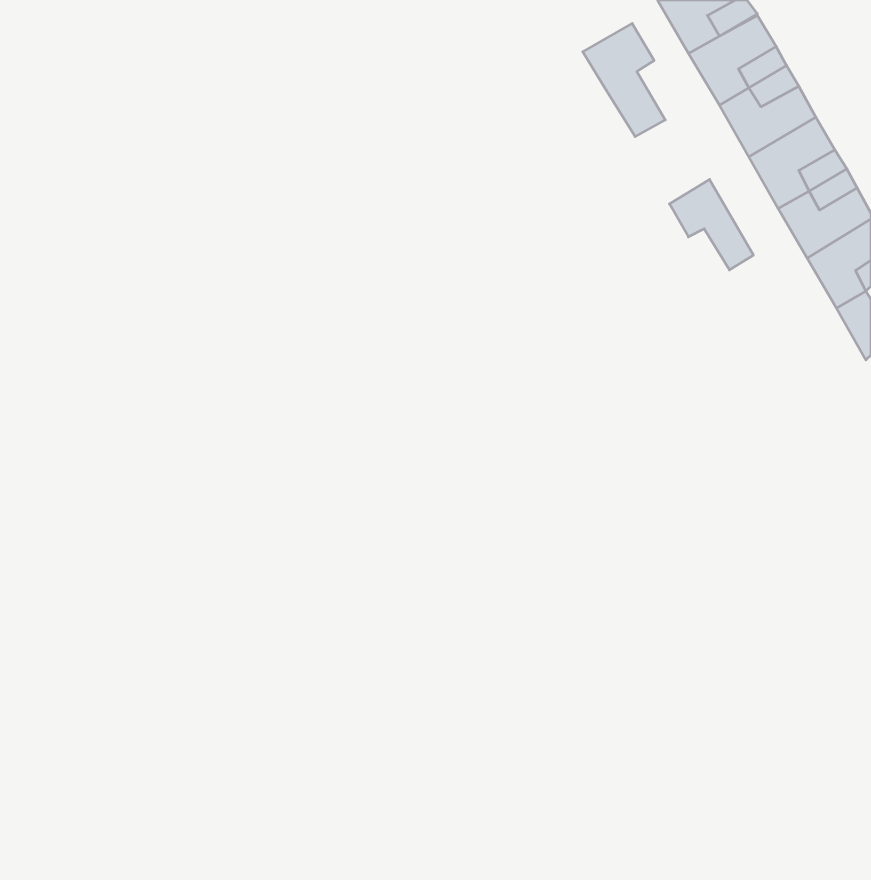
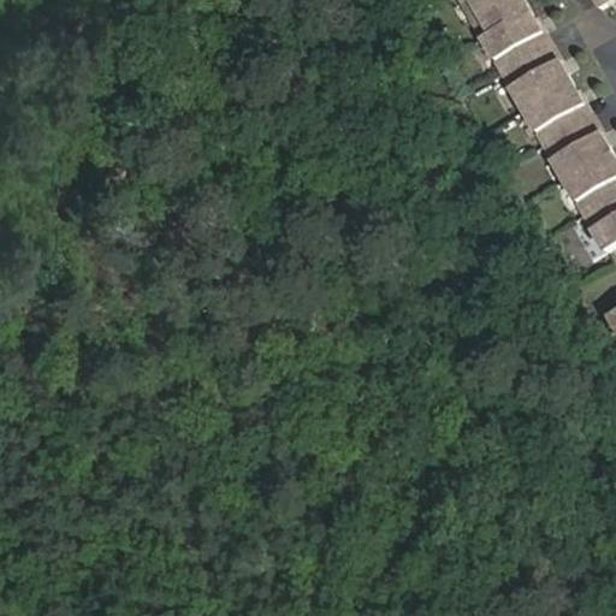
building: [583,23,665,137] -> none
building: [669,179,753,270] -> none

